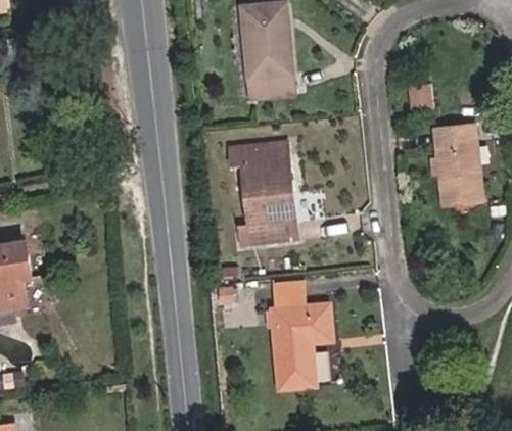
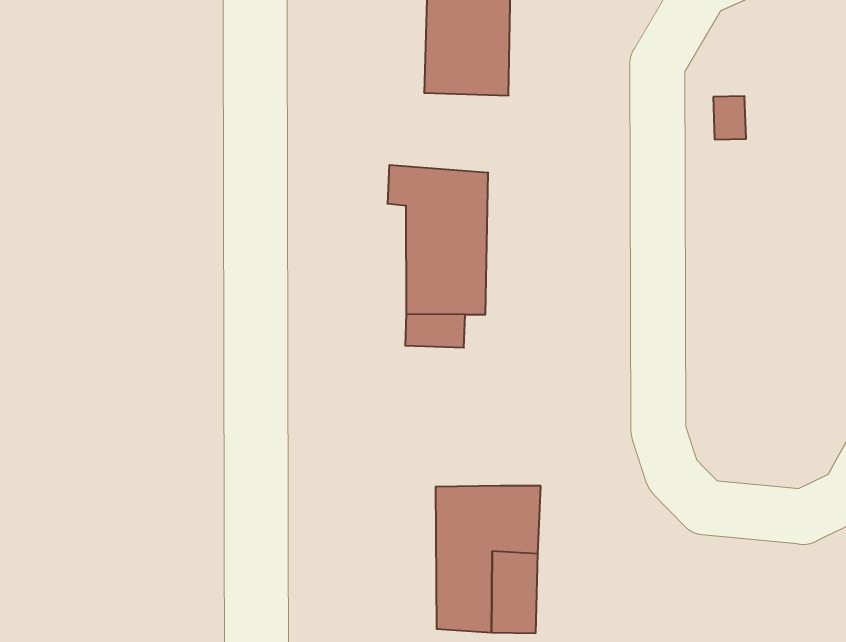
building: [433,127,483,200] -> none
building: [272,284,310,314] -> none

